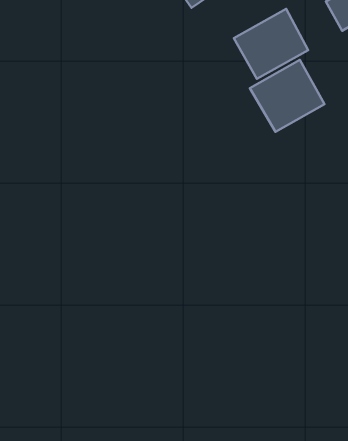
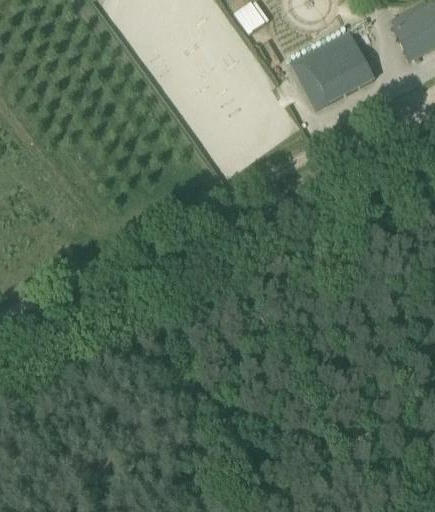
building: [250,60,324,132] -> none

